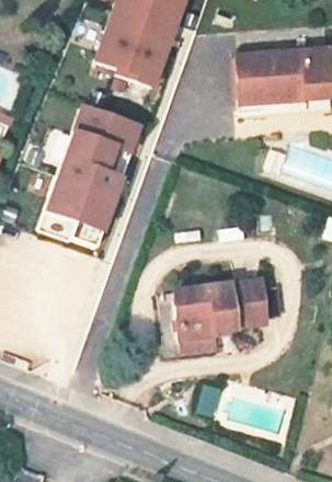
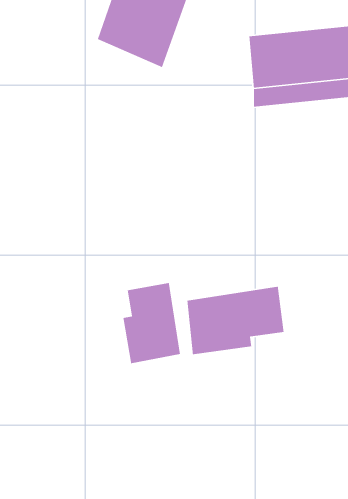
building: [39,102,144,244] -> none
building: none -> [123,282,181,364]

